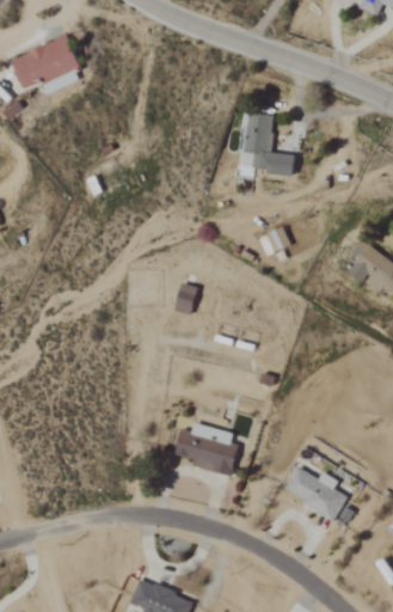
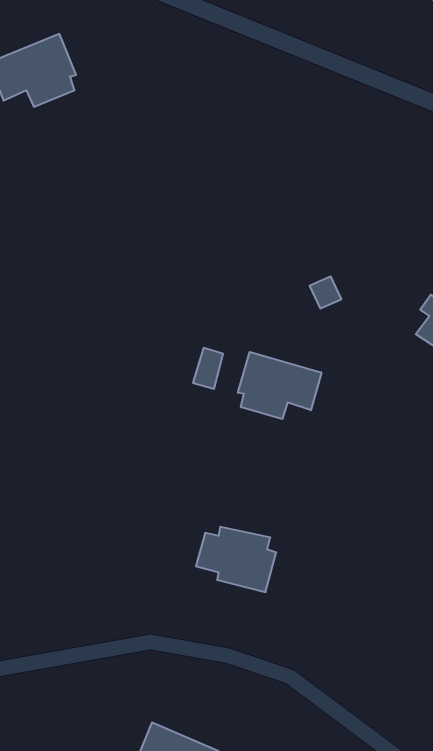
building: [241,112,296,176] -> none
building: none -> [238,352,321,419]
building: [285,467,349,521] -> none

